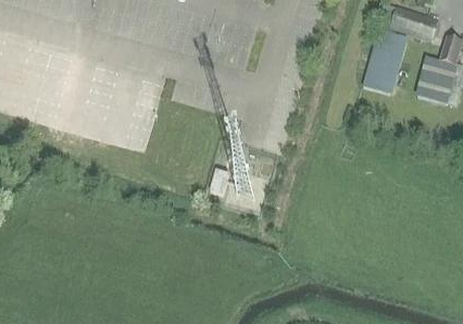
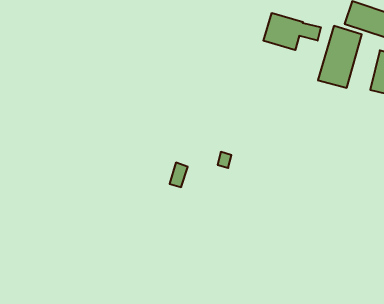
building: none -> [263,13,321,50]

